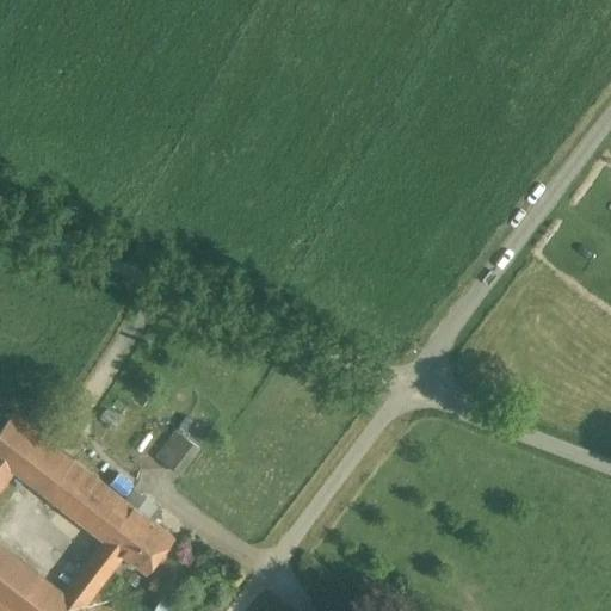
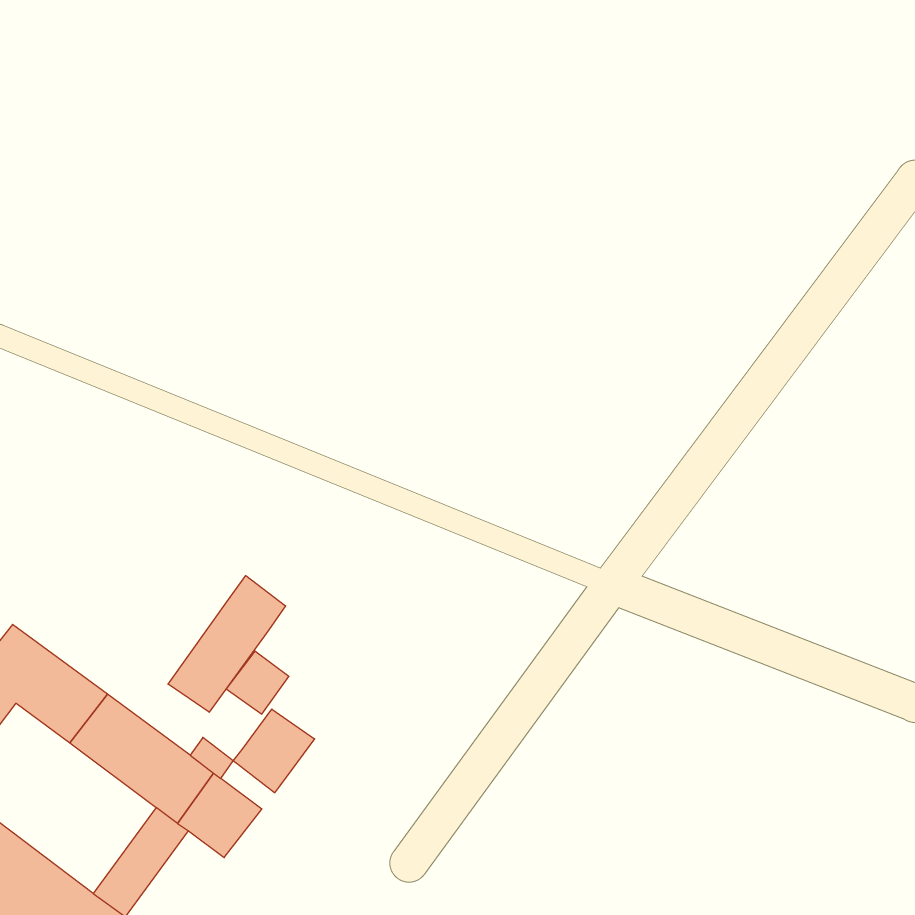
building: none -> [168,576,286,712]
building: none -> [233,709,315,793]

